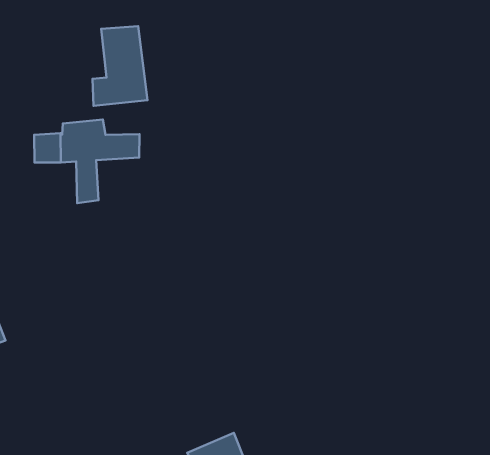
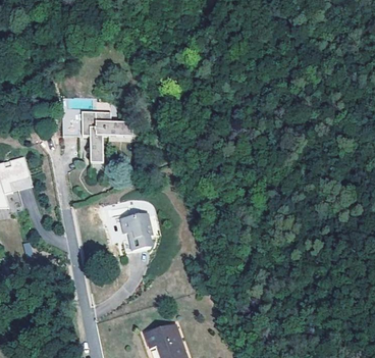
building: [92,26,148,106] -> none
building: none -> [118,210,153,251]

